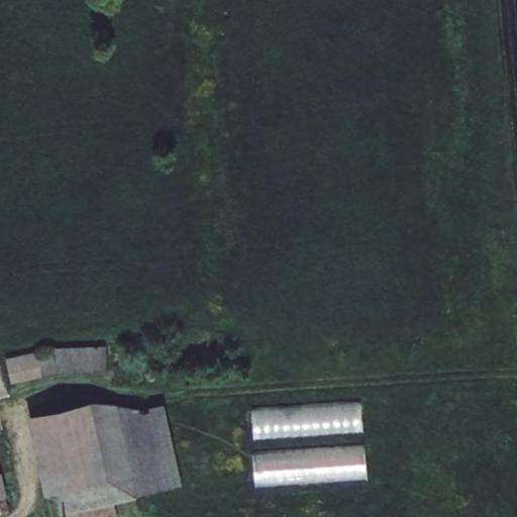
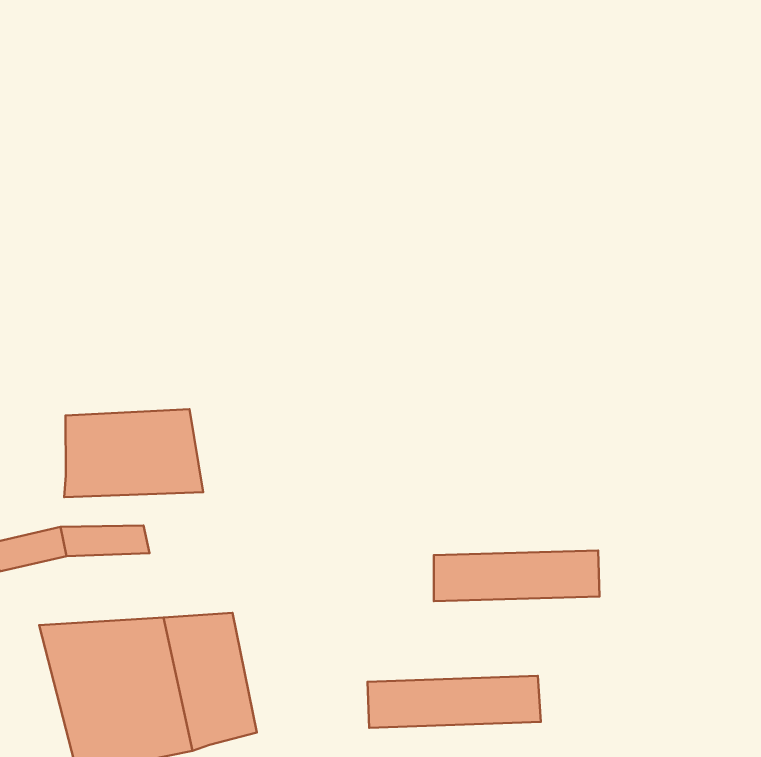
building: none -> [64,409,203,497]
building: [251,405,360,438] -> [434,551,600,601]

